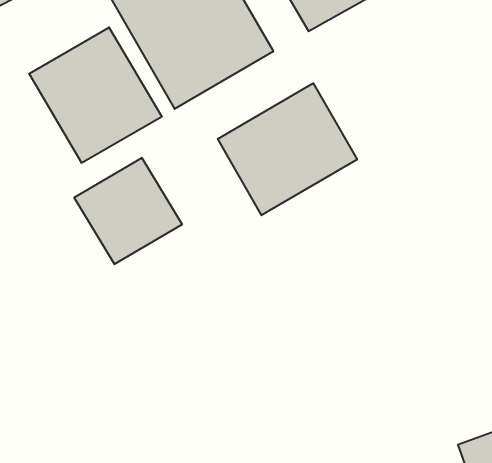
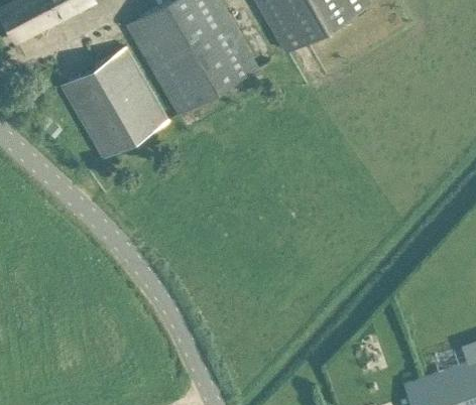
building: [218,83,357,215] -> none
building: [74,158,182,264] -> none

